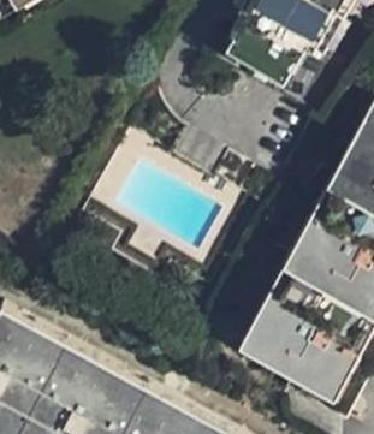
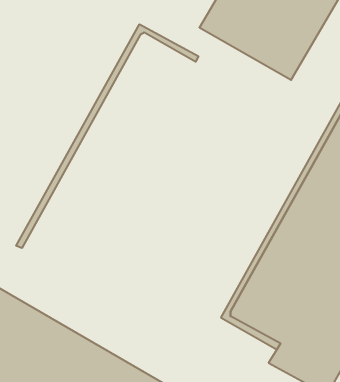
building: none -> [16,24,198,248]

